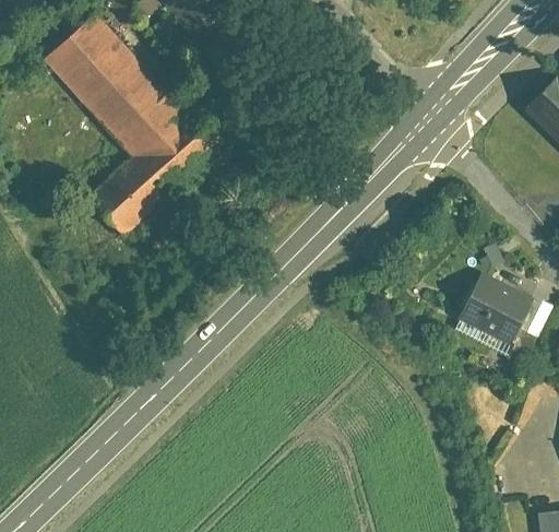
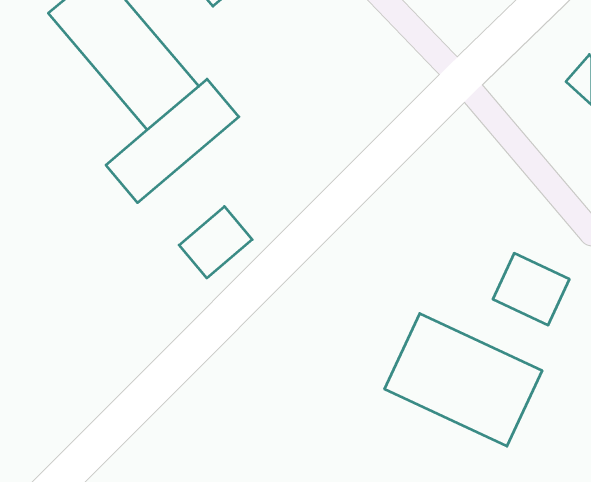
building: none -> [179,206,252,278]
building: none -> [385,313,542,446]

